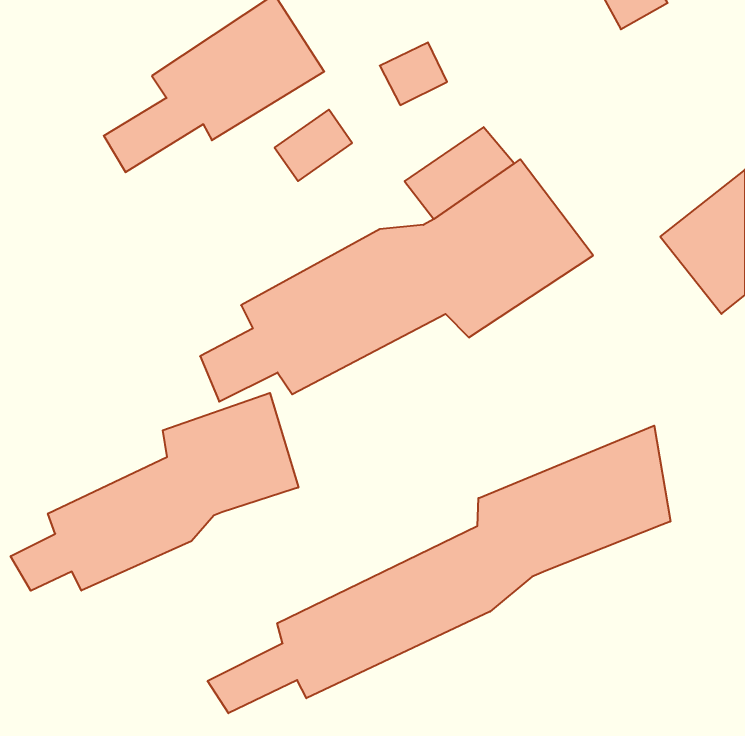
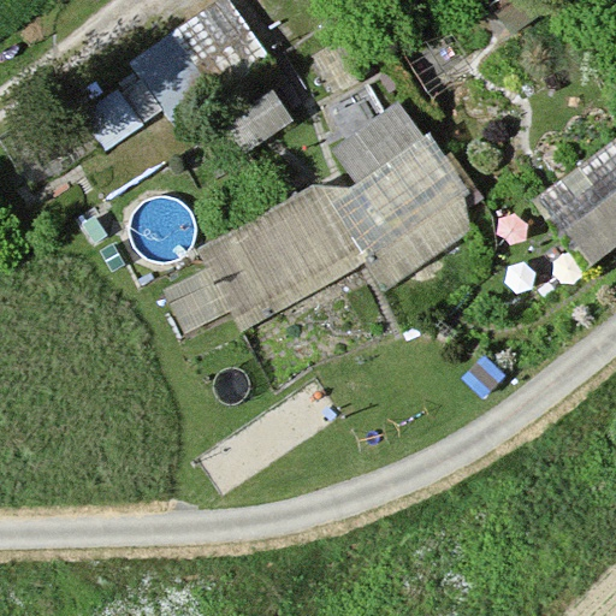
building: [11,393,298,591] -> none
building: [208,426,670,713] -> none

